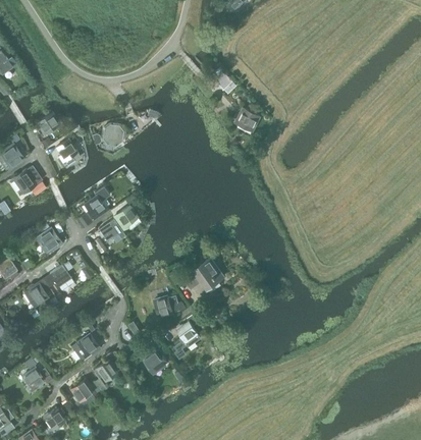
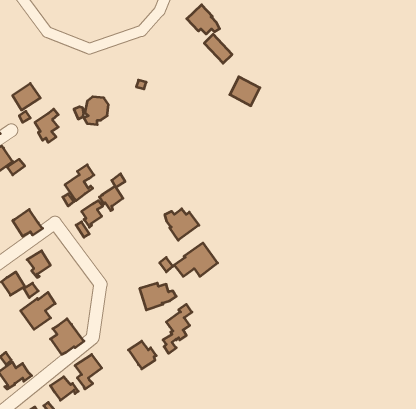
building: none -> [187,5,220,34]
building: none -> [165,209,199,240]
building: none -> [21,292,55,329]

